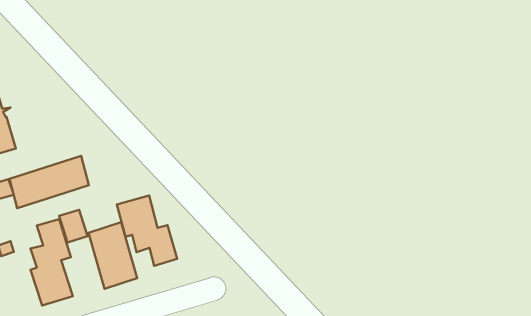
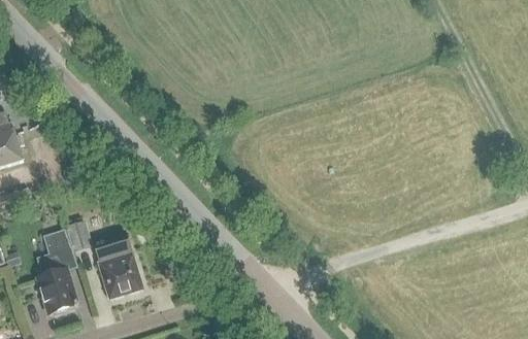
building: [10,156,89,208] -> none
building: [117,196,177,266] -> none

